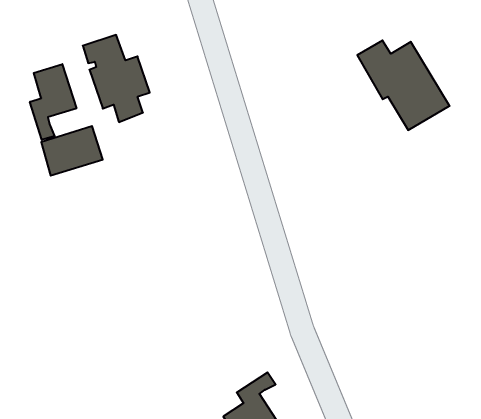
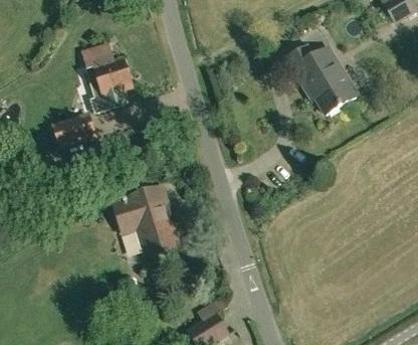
building: [30,64,76,140] -> none
building: none -> [114,185,179,254]

